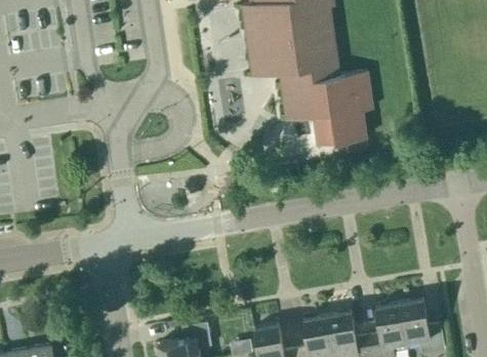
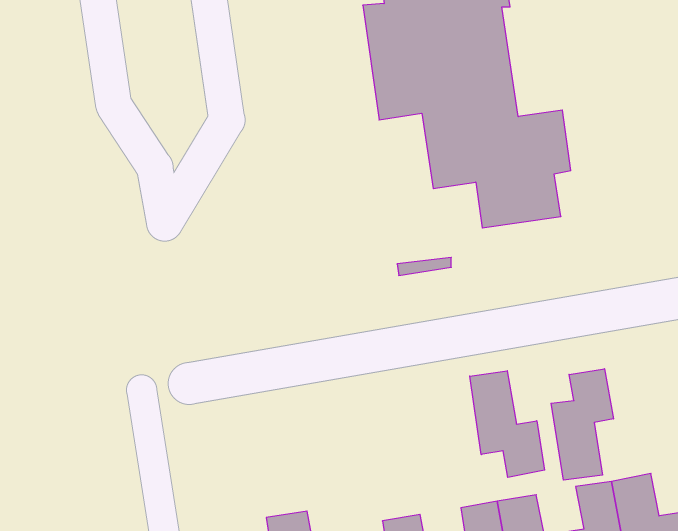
building: none -> [551,369,613,480]
building: none -> [470,371,545,477]

